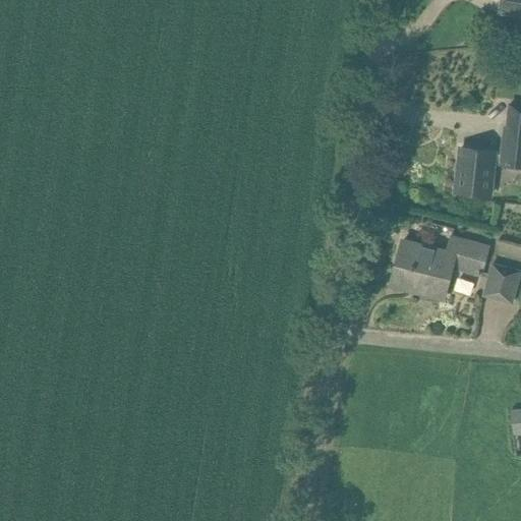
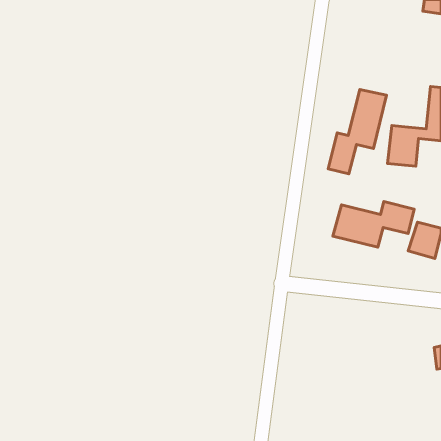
building: none -> [328,90,387,174]

